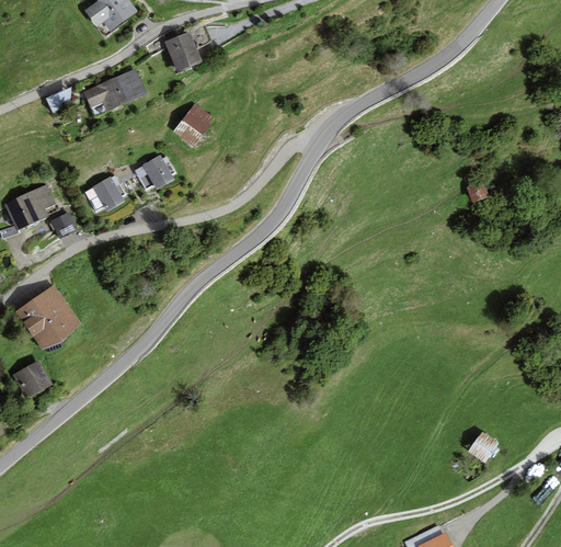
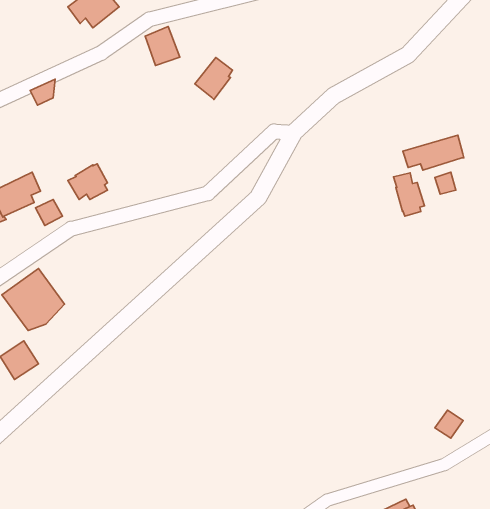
building: [82,68,146,116] -> none
building: [172,103,211,147] -> [195,58,233,99]
building: none -> [403,135,464,170]
building: [134,155,174,190] -> none
building: none -> [393,173,424,216]

